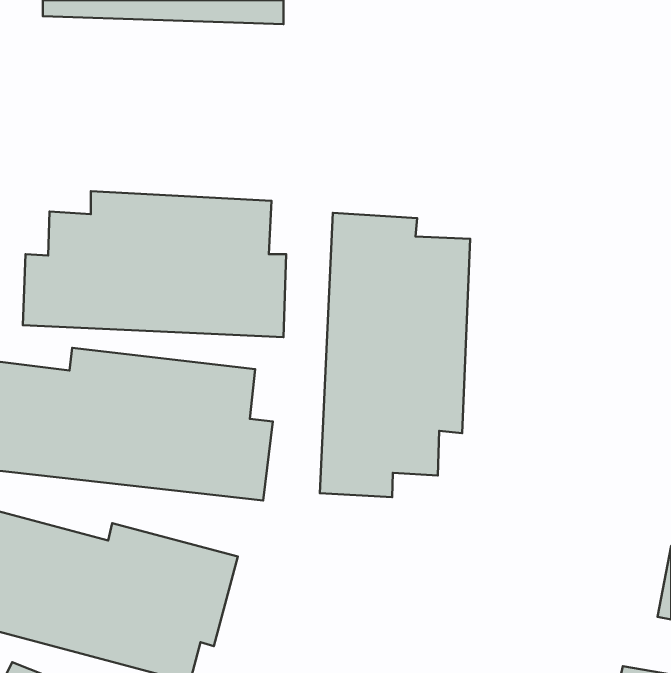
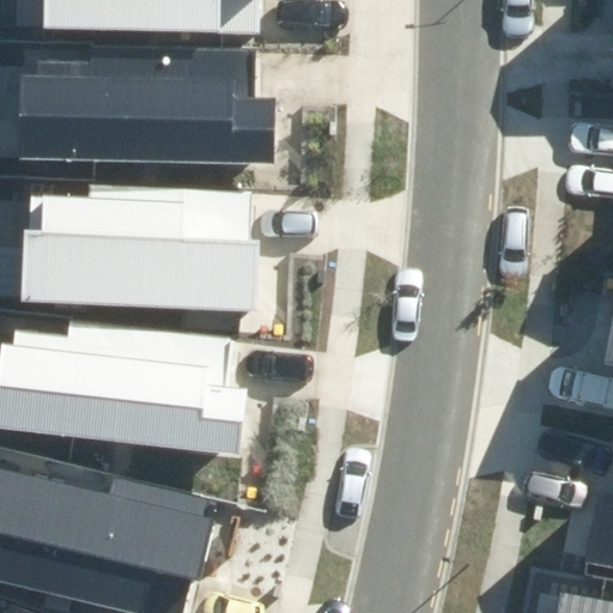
building: none -> [13,42,267,162]
building: [320,213,470,497] -> none

